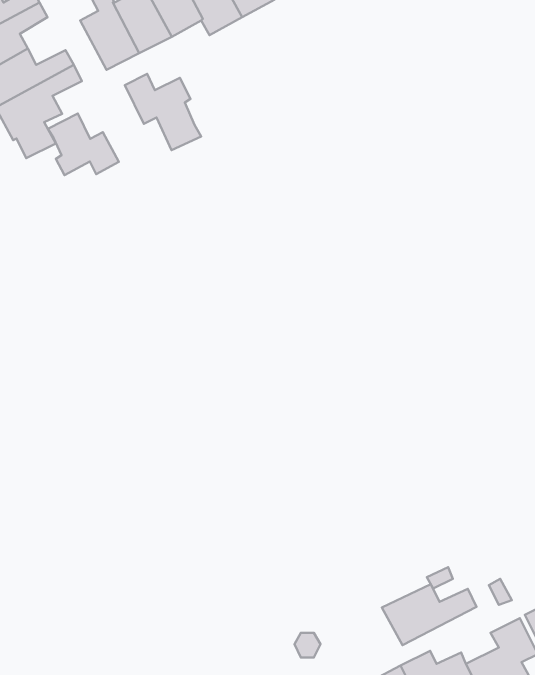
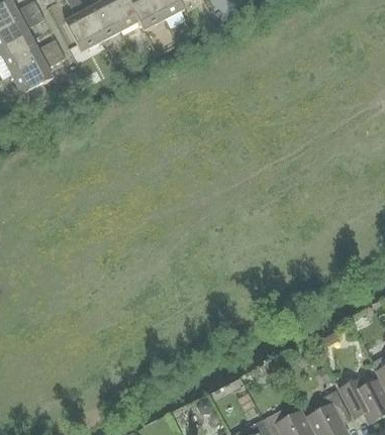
building: [125,74,201,150] -> none
building: [48,113,119,175] -> none
building: [382,584,477,645] -> none

